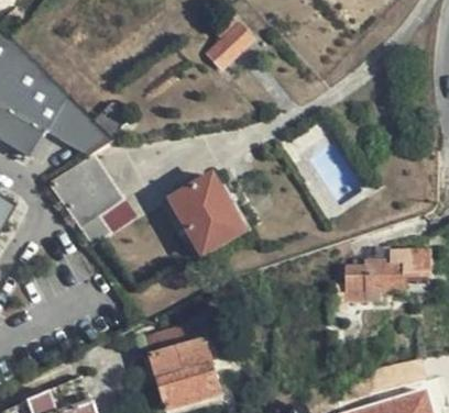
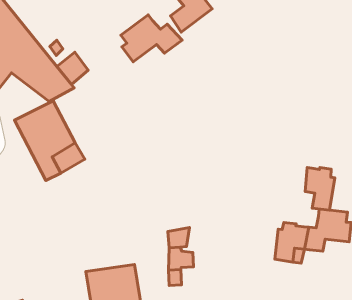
building: none -> [121,15,182,62]
building: [173,179,240,253] -> none
building: none -> [305,167,335,210]

